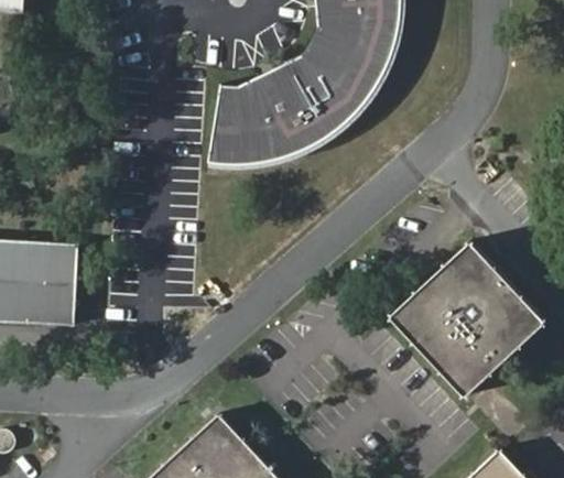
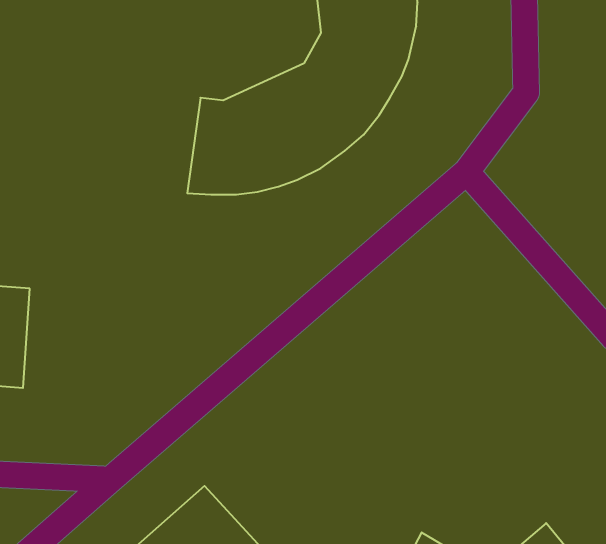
building: [393,246,551,404] -> none

